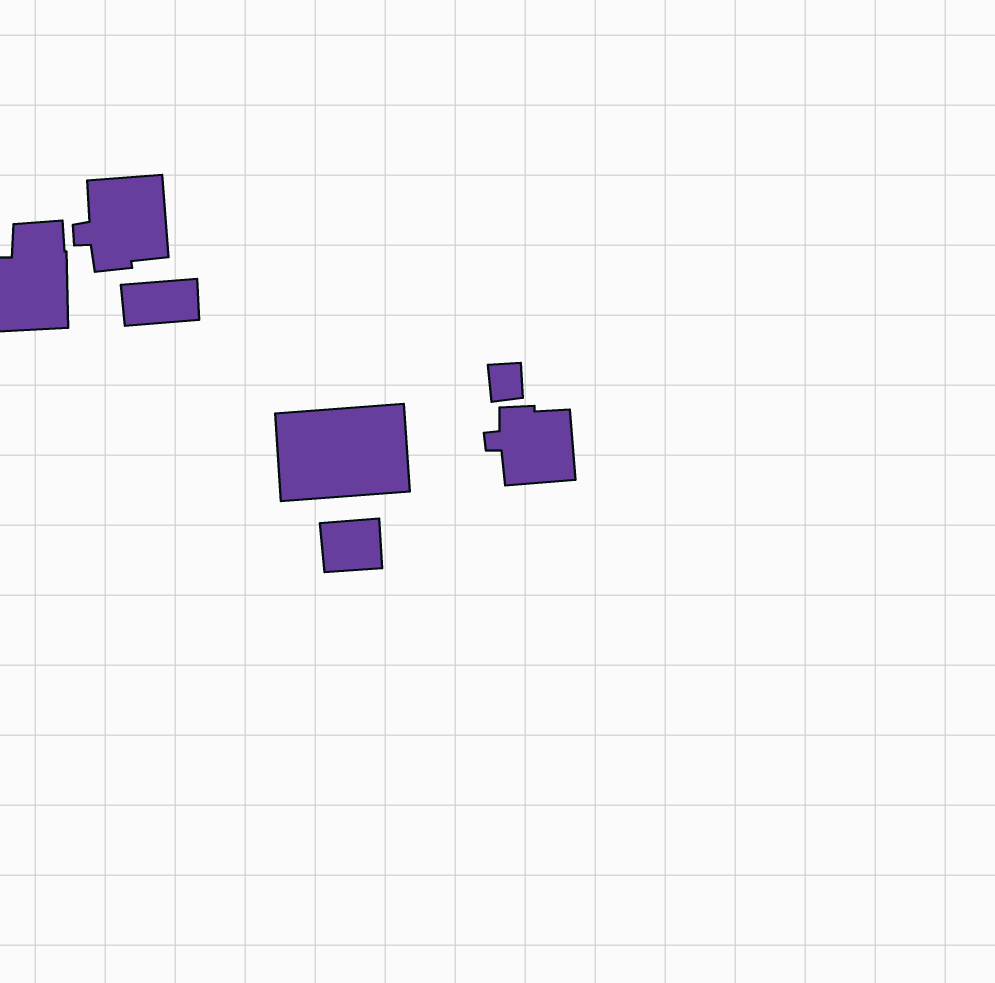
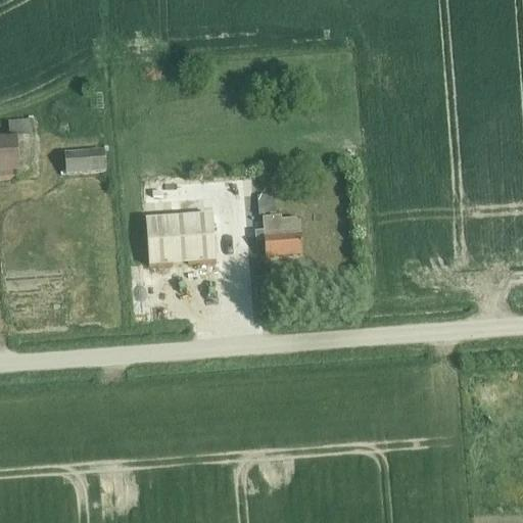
building: [73,175,169,272] -> none
building: [320,519,382,572] -> none

